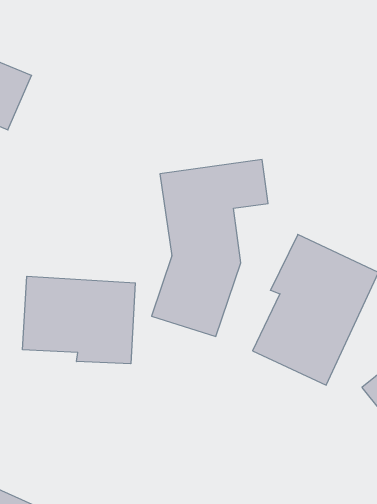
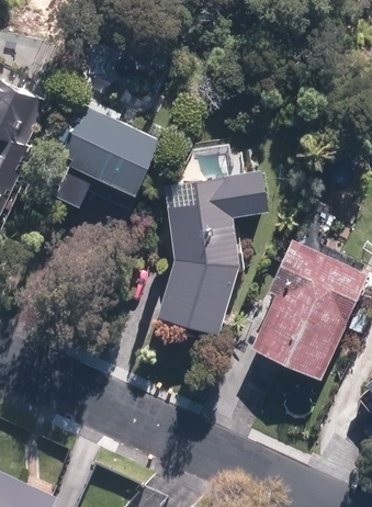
building: none -> [42,103,164,210]
building: [23,276,135,364] -> none

